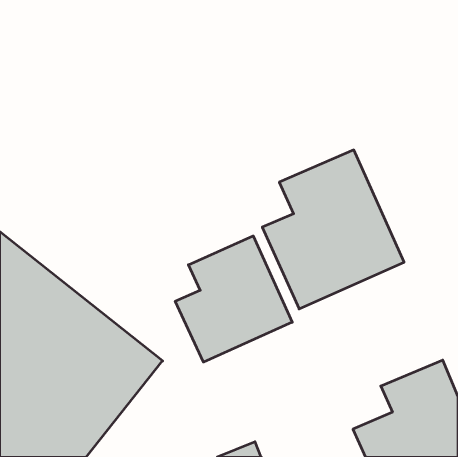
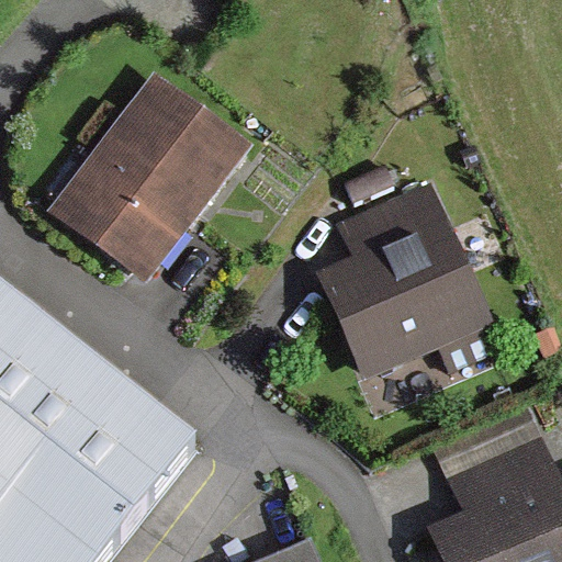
building: none -> [53,78,248,281]
building: [175,236,292,362] -> none

